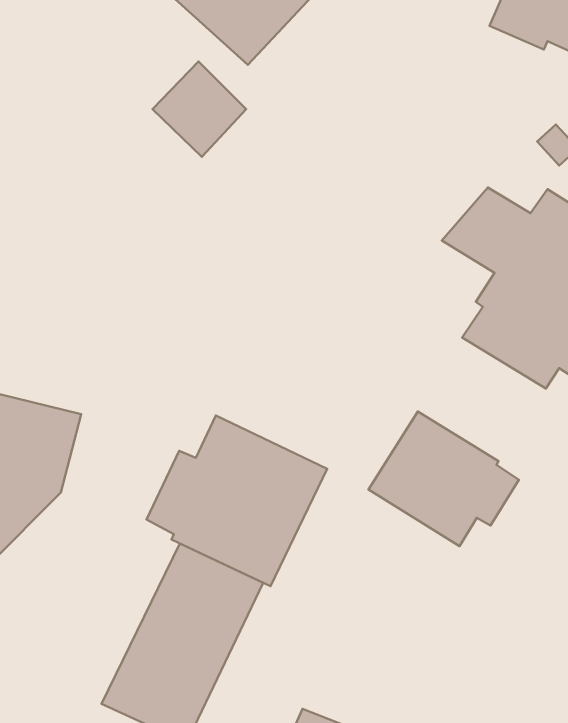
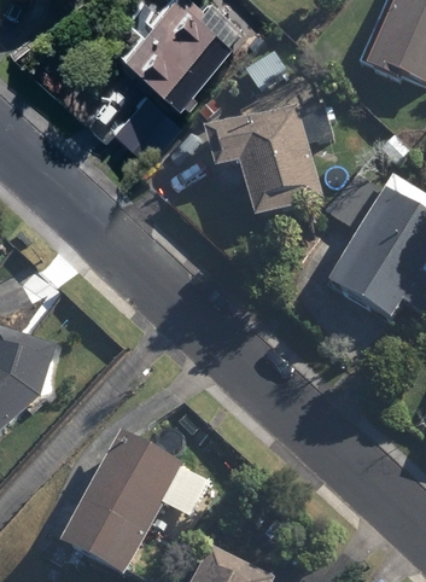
building: none -> [203,111,313,221]
building: [369,411,519,546] -> none
building: [147,415,327,586] -> none

